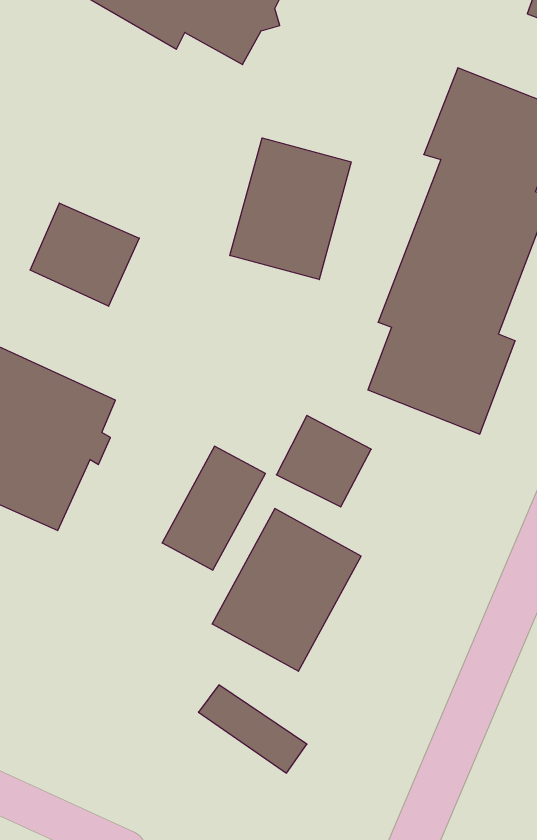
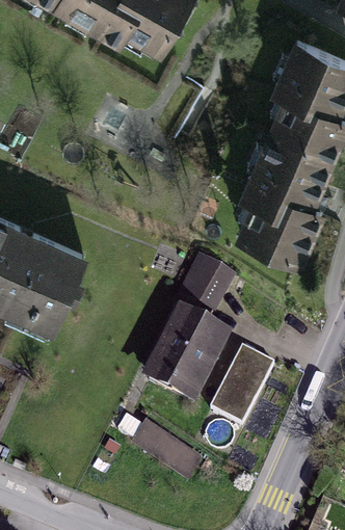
building: [230,138,351,280] -> none
building: [30,203,139,306] -> none
building: [162,446,265,570] -> [207,351,270,427]

